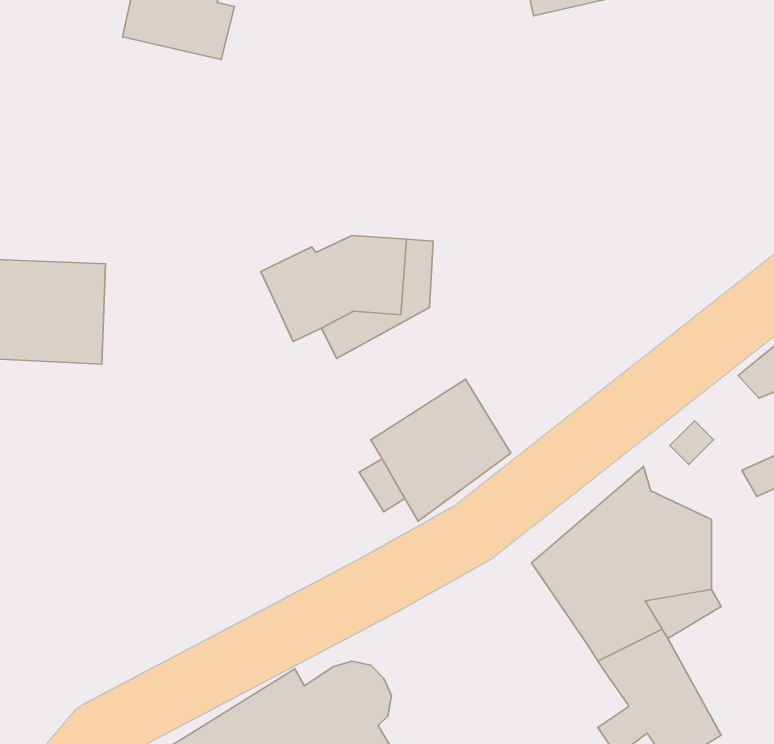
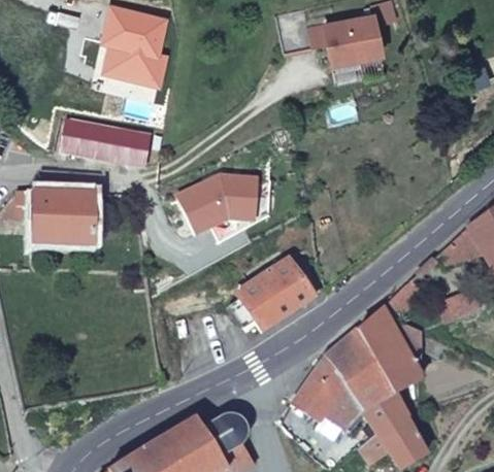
building: none -> [60,117,147,169]
building: none -> [293,356,365,432]

